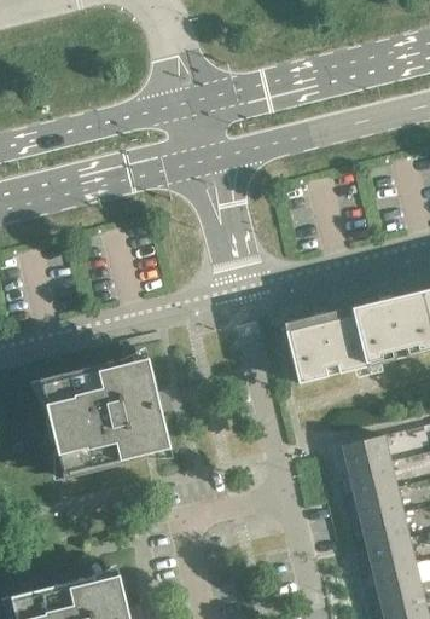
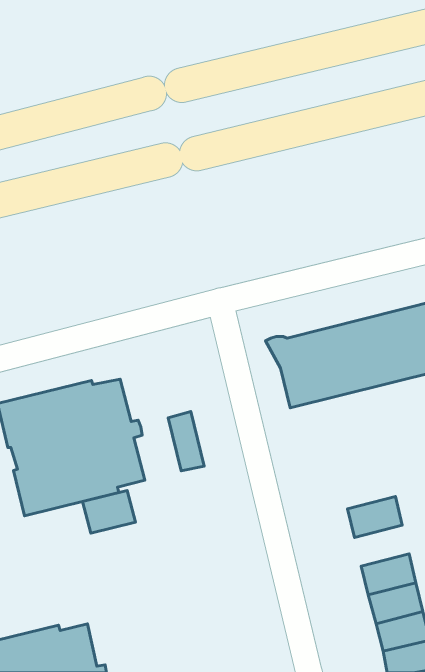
building: none -> [168,412,204,471]
building: [342,435,390,473] -> none
building: none -> [83,490,136,533]
building: [354,487,402,523] -> none

